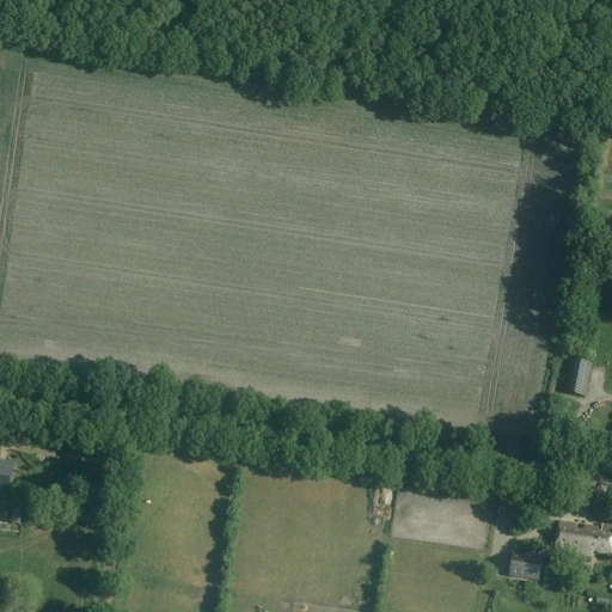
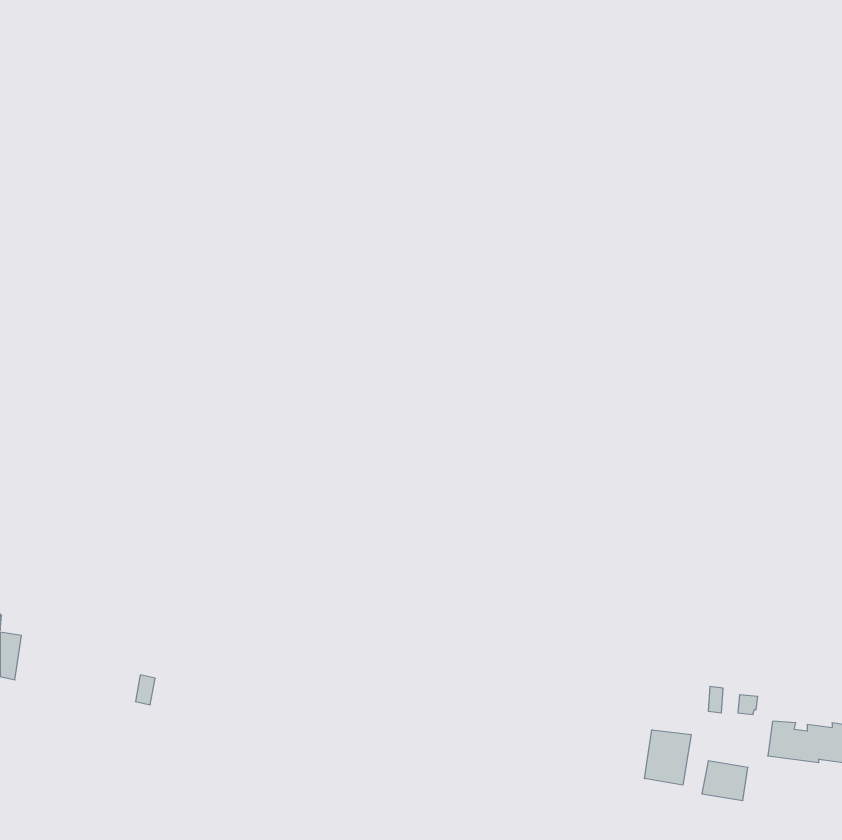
building: [565,359,593,396] -> none
building: none -> [644,730,691,785]

